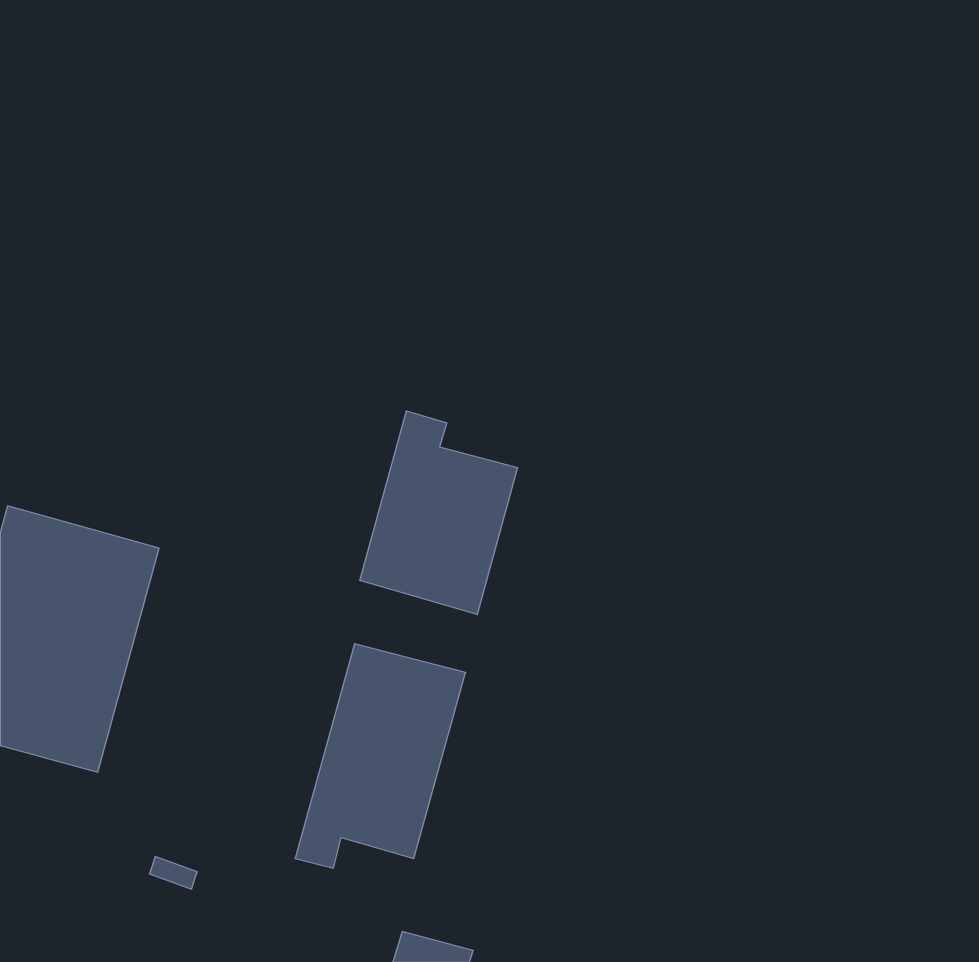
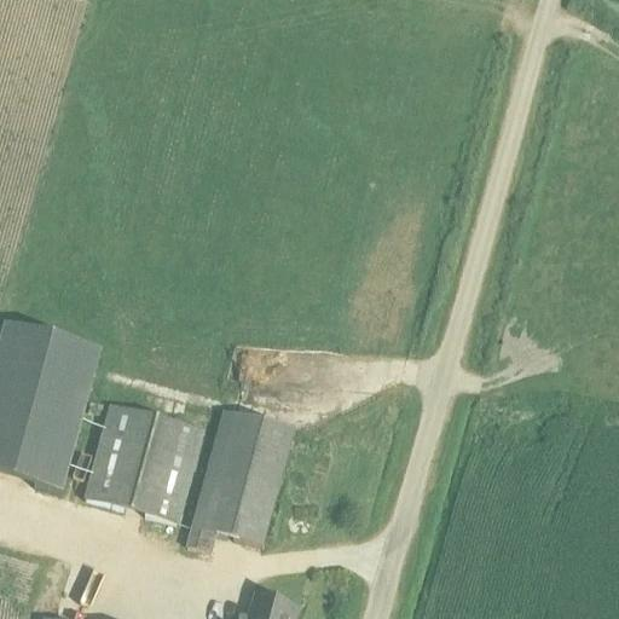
building: [360,411,518,615] -> none
building: none -> [85,399,203,519]

